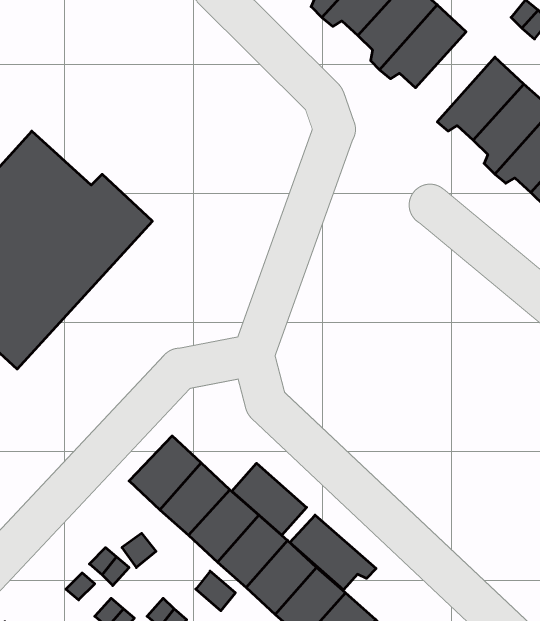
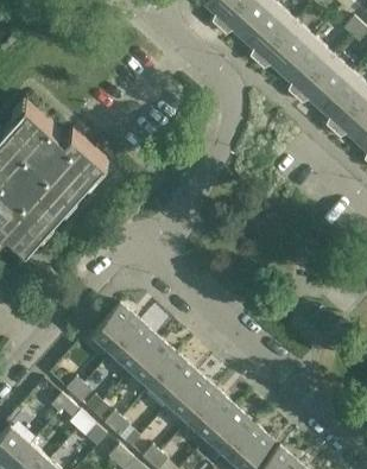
building: none -> [281,38,334,97]
building: [232,463,307,535] -> none
building: [290,515,376,590] -> none

